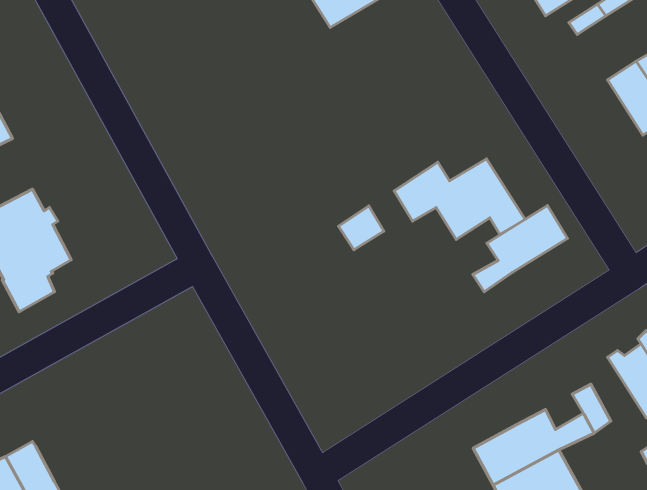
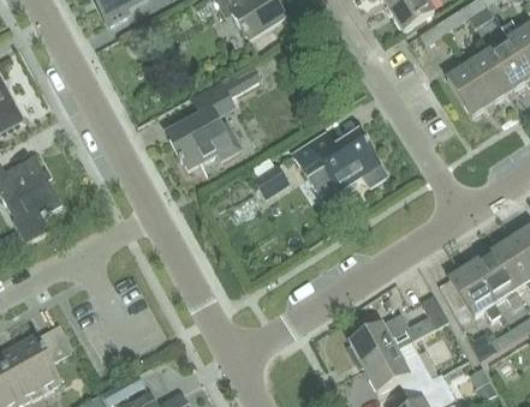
building: none -> [169,66,262,166]
building: [473,206,568,292] -> none
building: none -> [37,324,73,363]

